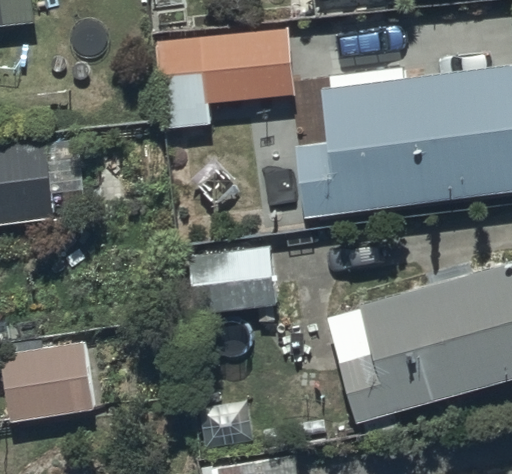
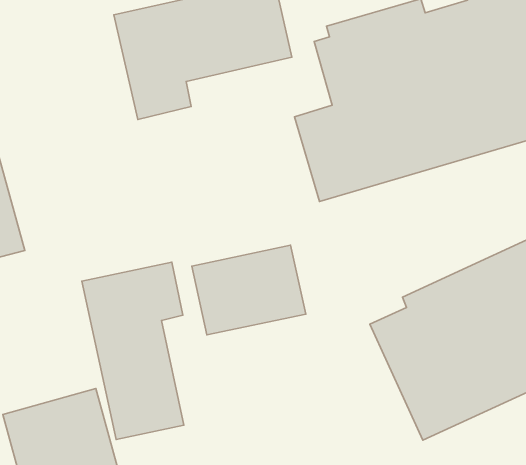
building: none -> [82,262,184,440]

